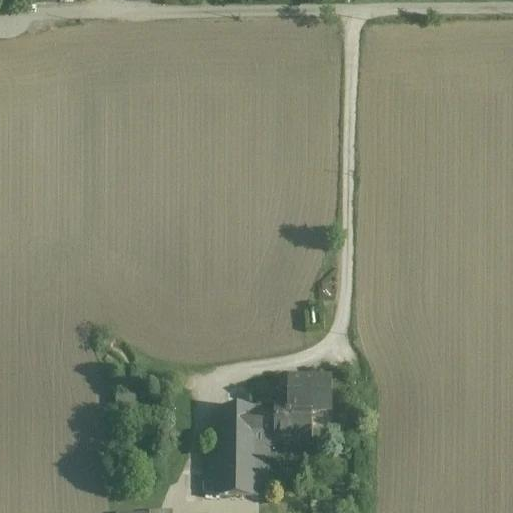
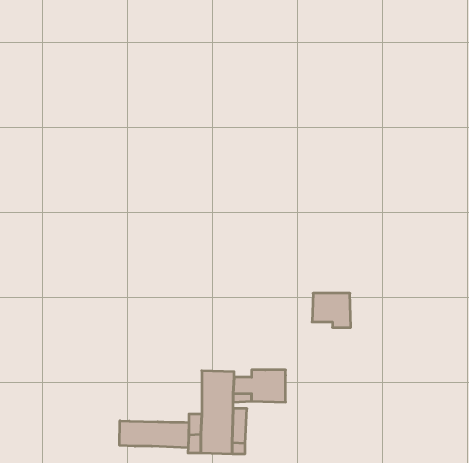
building: [291,371,333,408] -> [312,293,351,327]
building: none -> [120,421,189,448]

